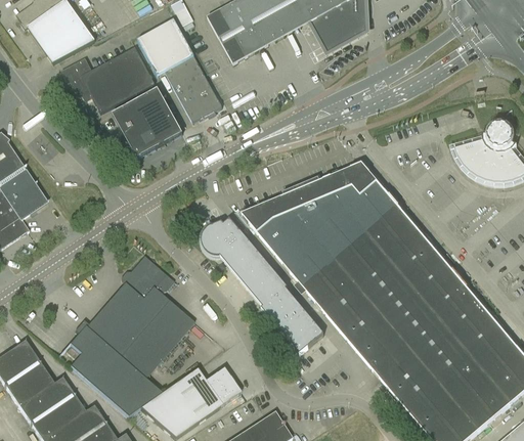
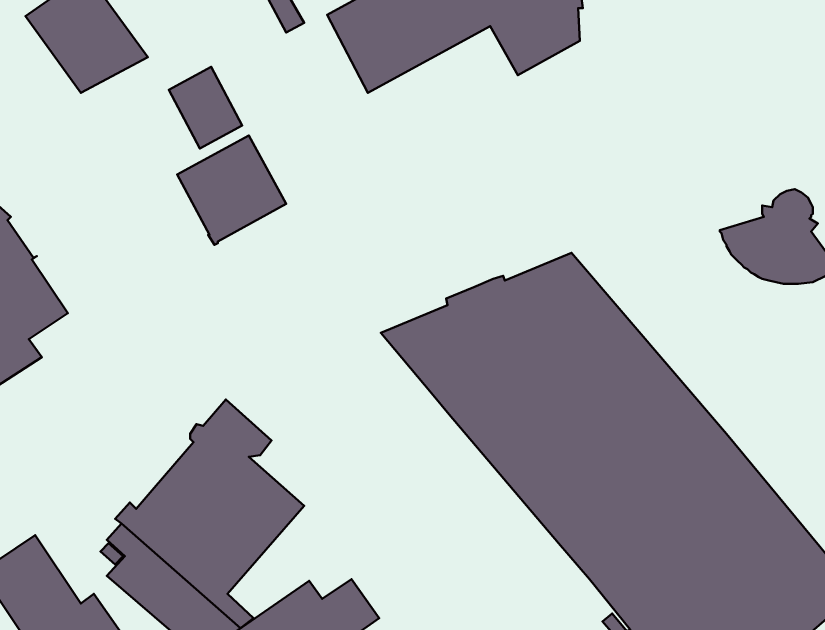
building: [137,18,222,122] -> none
building: [61,56,128,113] -> none
building: [202,217,323,353] -> none

